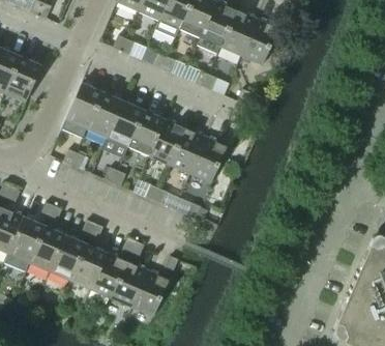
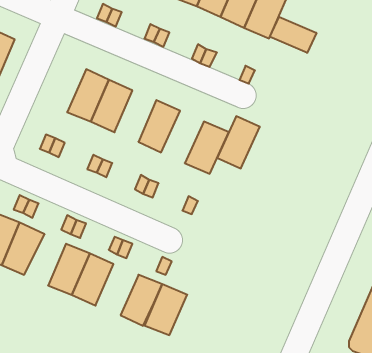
building: none -> [270,17,316,53]
building: [62,83,103,138] -> none
building: [128,111,165,155] -> none
building: [169,128,206,174] -> [217,116,260,168]
building: [50,236,86,281] -> none
building: [112,262,149,307] -> [144,284,187,335]

